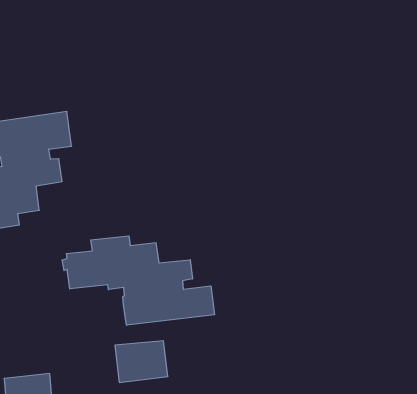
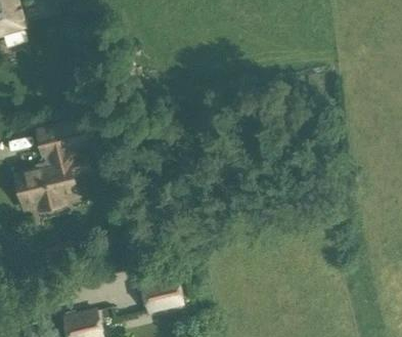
building: [62,236,214,325] -> none

